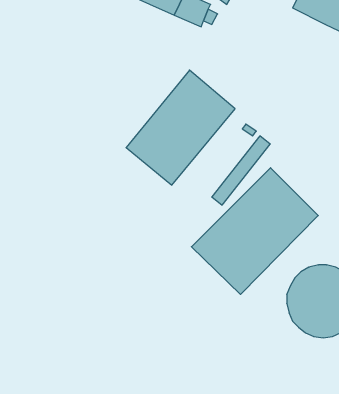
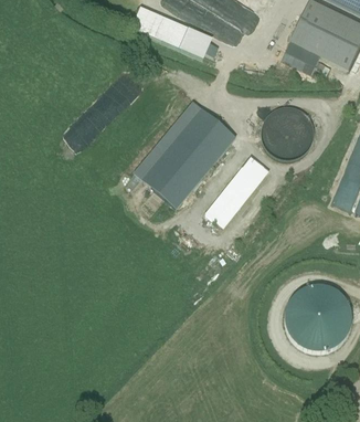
building: none -> [280,42,320,72]
building: none -> [260,103,314,160]
building: [191,168,318,294] -> none

